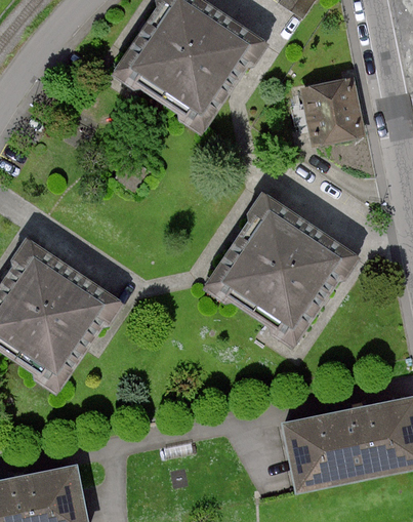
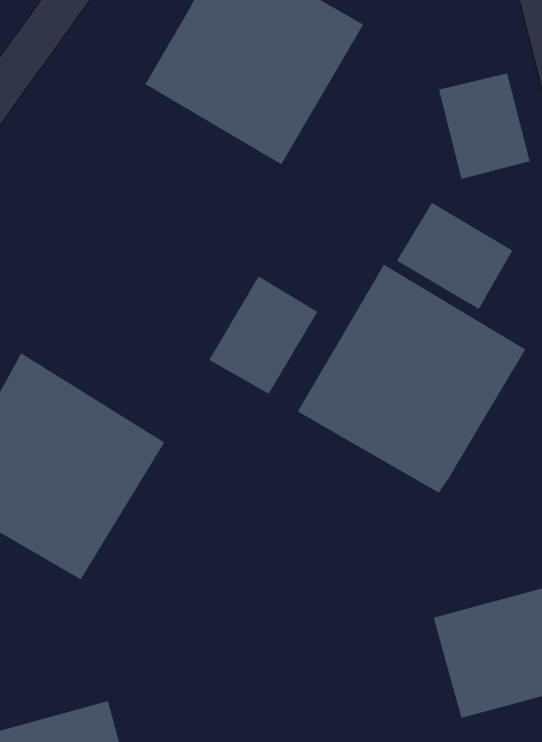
building: none -> [396,202,513,310]
building: none -> [208,275,318,395]

